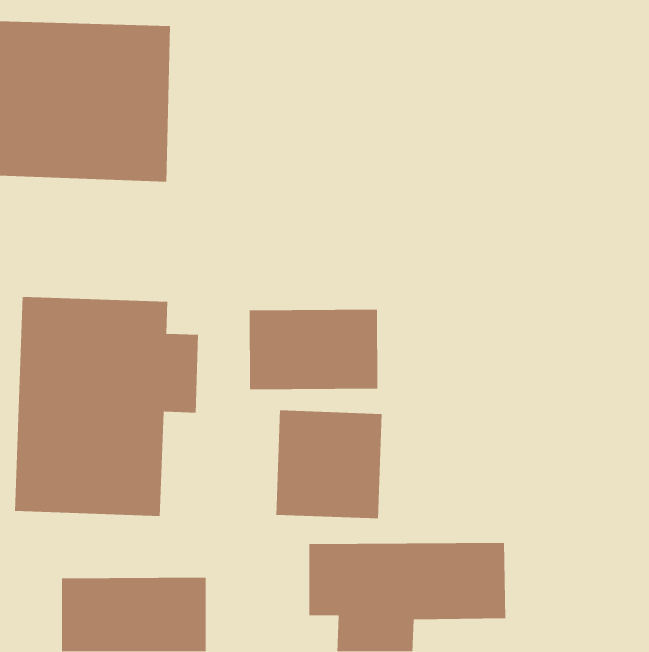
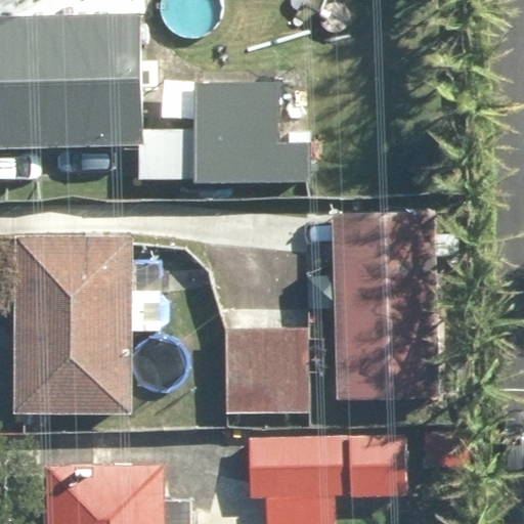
building: none -> [141,82,314,185]
building: none -> [333,214,439,398]
building: [249,309,378,390] -> none

